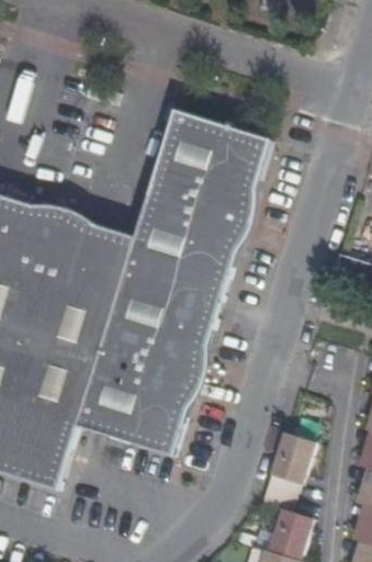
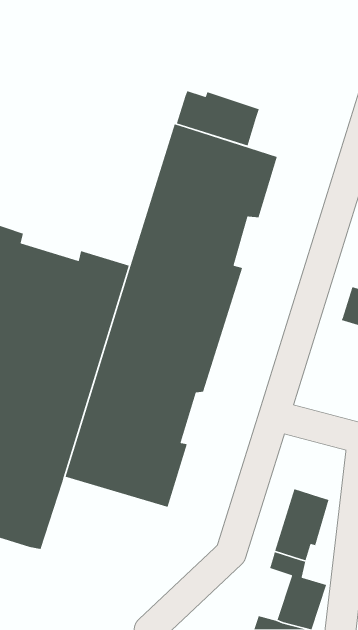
building: none -> [176,90,260,146]

